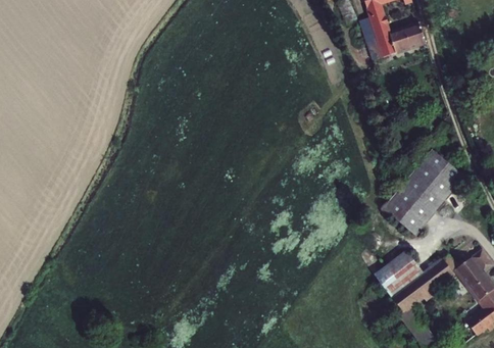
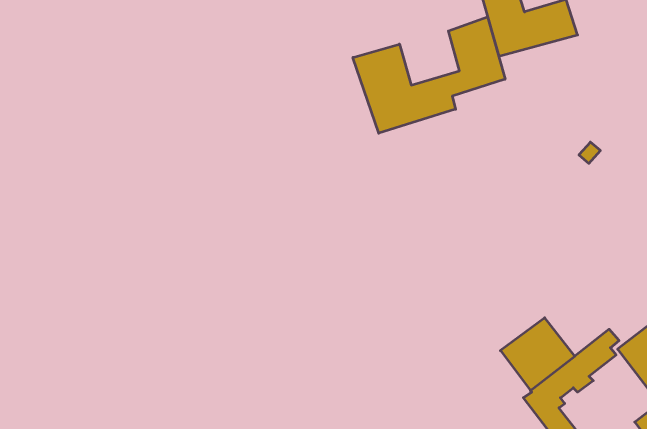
building: none -> [353,17,505,133]
building: [383,151,461,238] -> none

